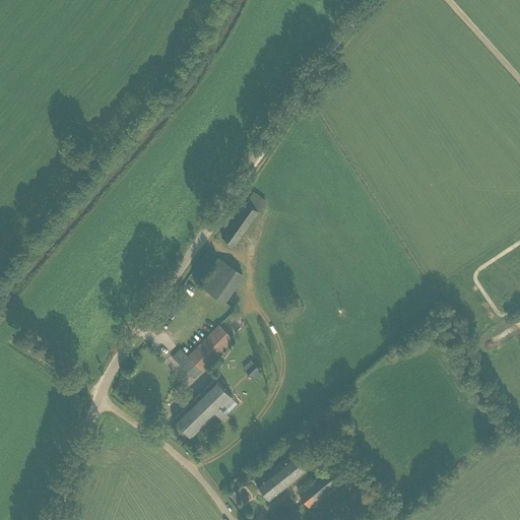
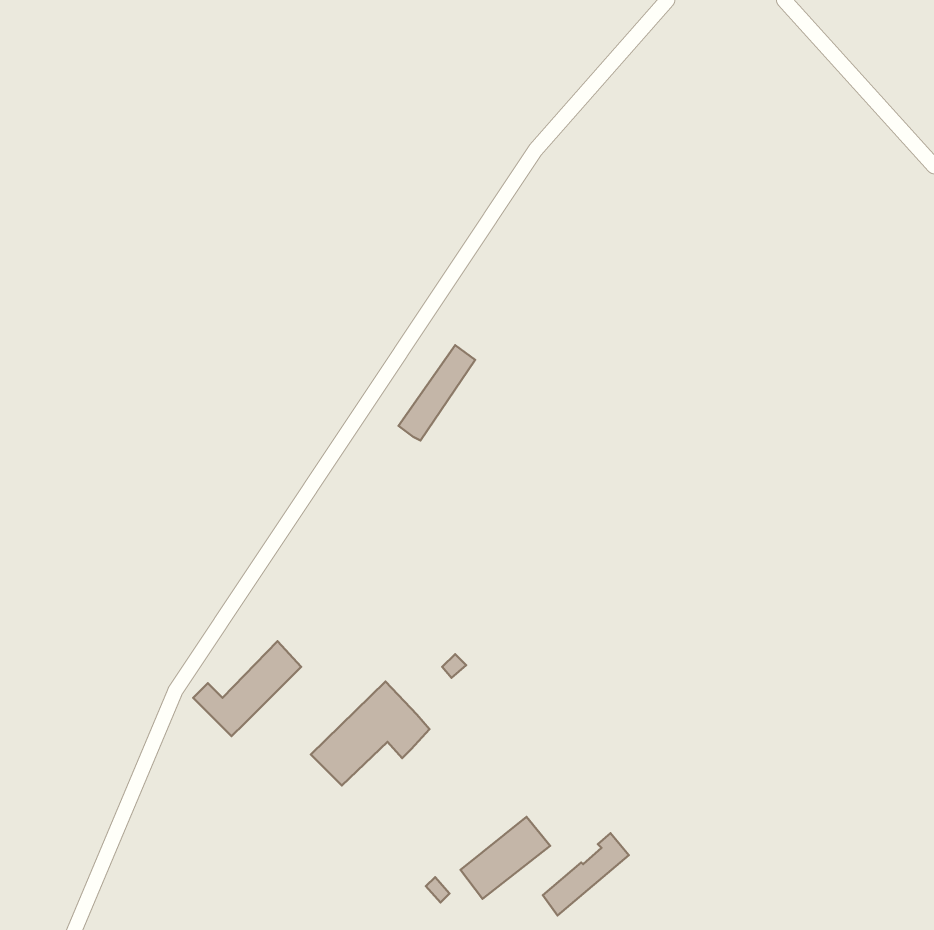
building: [199,260,242,305] -> none
building: [172,327,232,380] -> [193,641,301,736]

